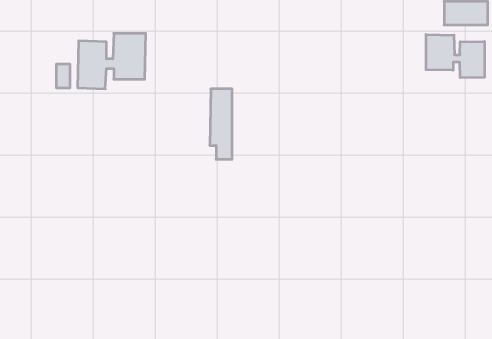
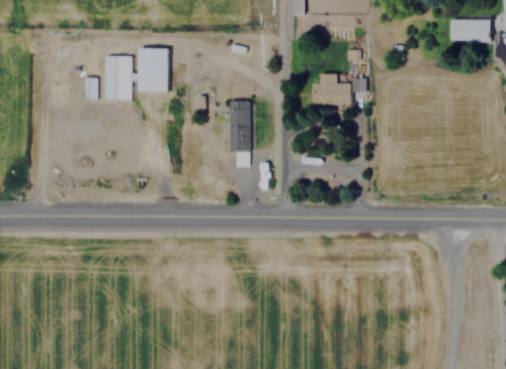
building: [426,34,484,78] -> none
building: none -> [313,73,366,107]

